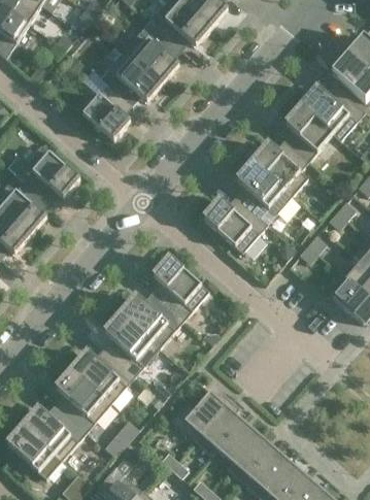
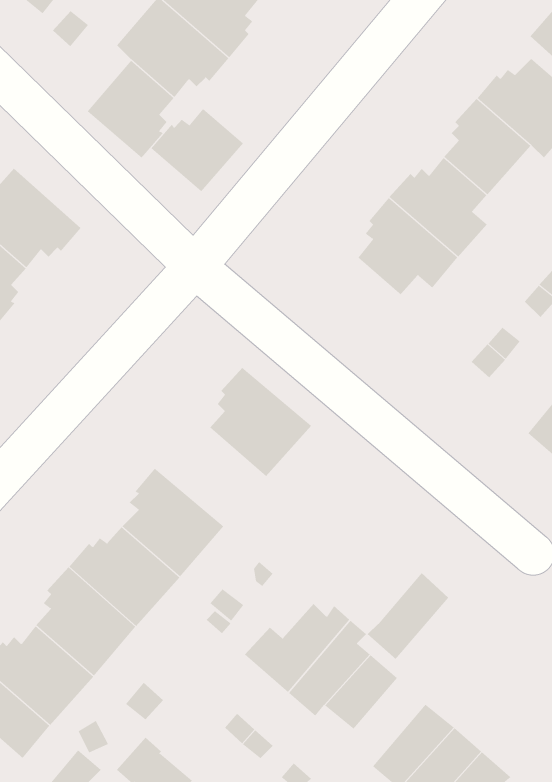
building: none -> [150,108,244,192]
building: [204,195,268,252] -> none
building: [121,291,183,346] -> none
building: [227,432,273,481] -> [367,572,449,660]

